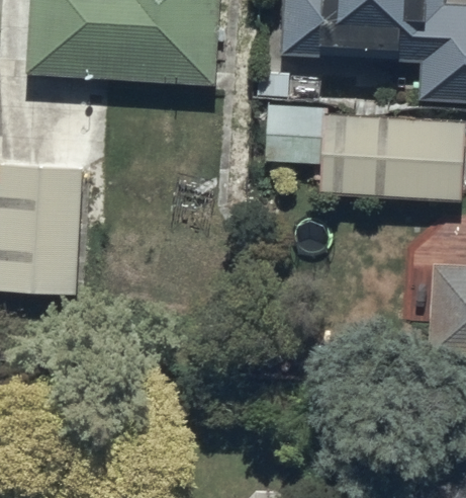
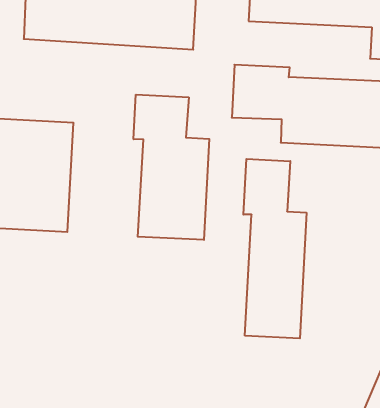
building: none -> [134,95,209,240]
building: none -> [243,159,306,338]

